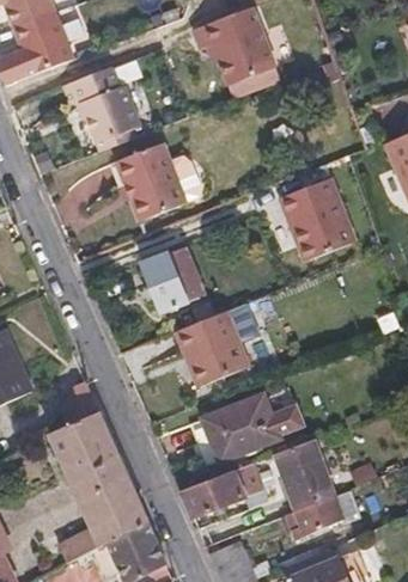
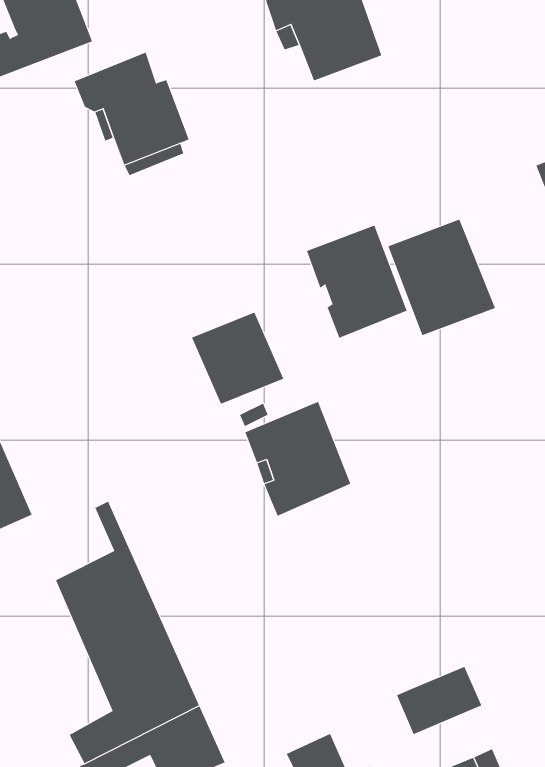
building: [115,142,185,221] -> [306,225,408,338]
building: [203,394,303,459] -> none
building: [275,440,333,508] -> none
building: [181,462,269,516] -> none

